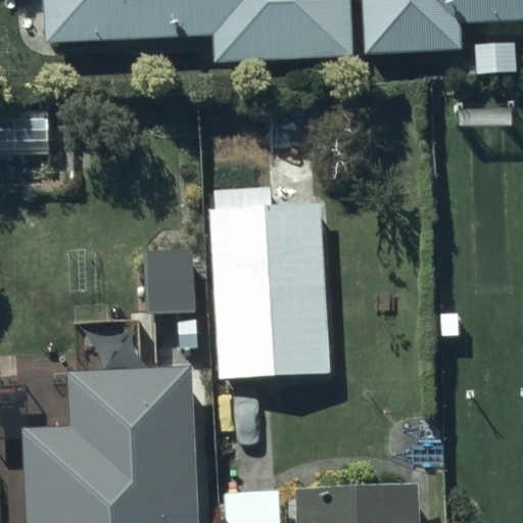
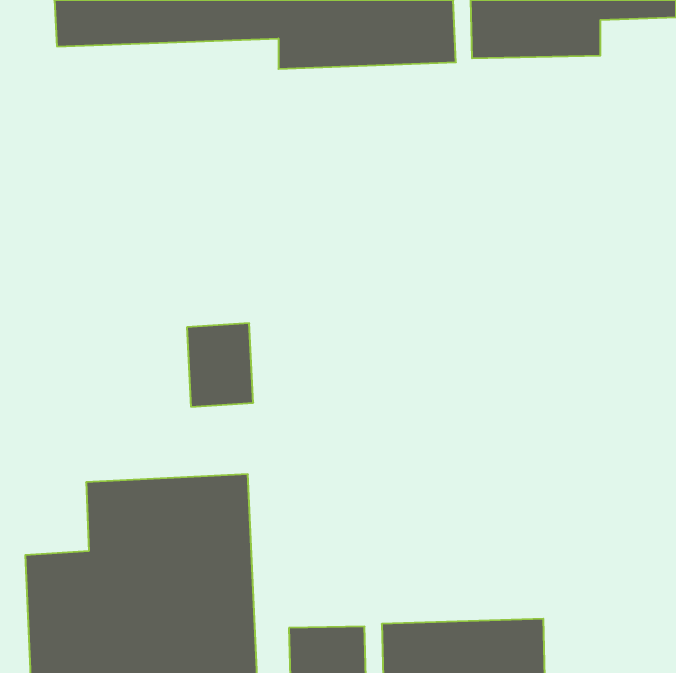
building: [209,185,330,375] -> none

